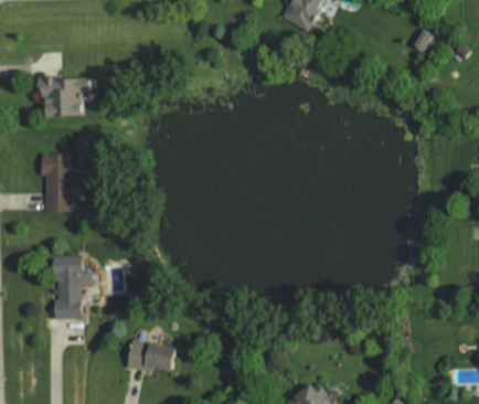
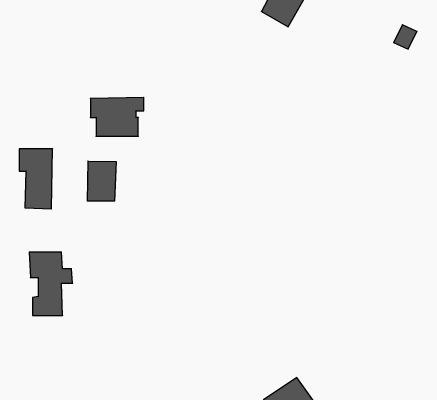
building: [35,76,88,115] -> [90,97,144,136]
building: none -> [87,161,116,201]
building: [126,339,173,373] -> none

